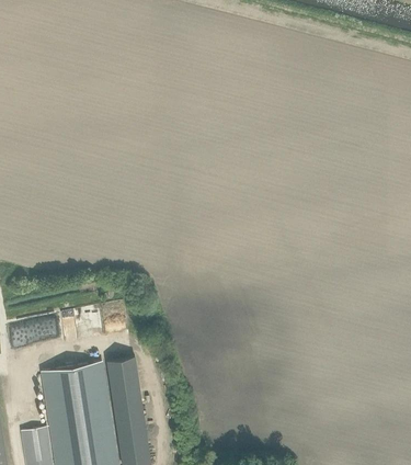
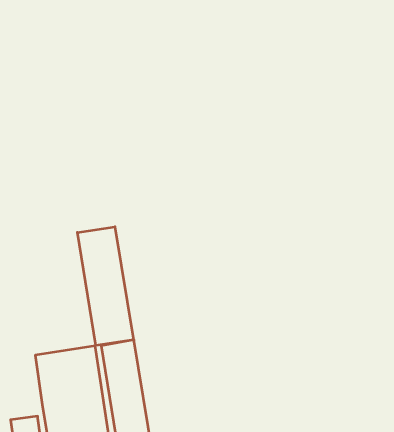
building: none -> [77,227,133,345]

